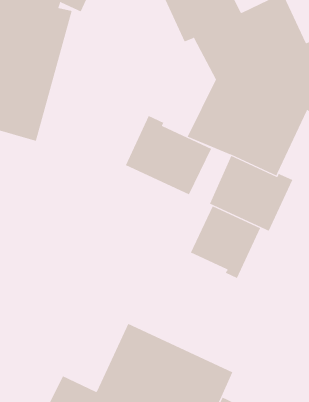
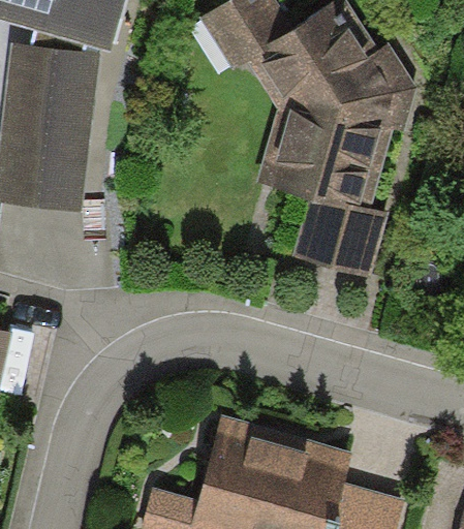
building: [125,115,212,195] -> none
building: [190,206,261,279] -> none

